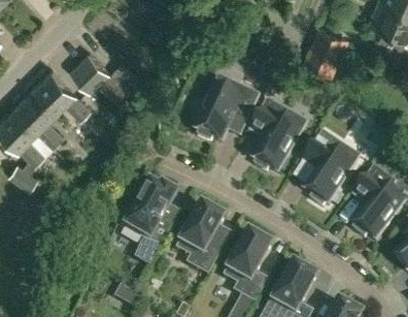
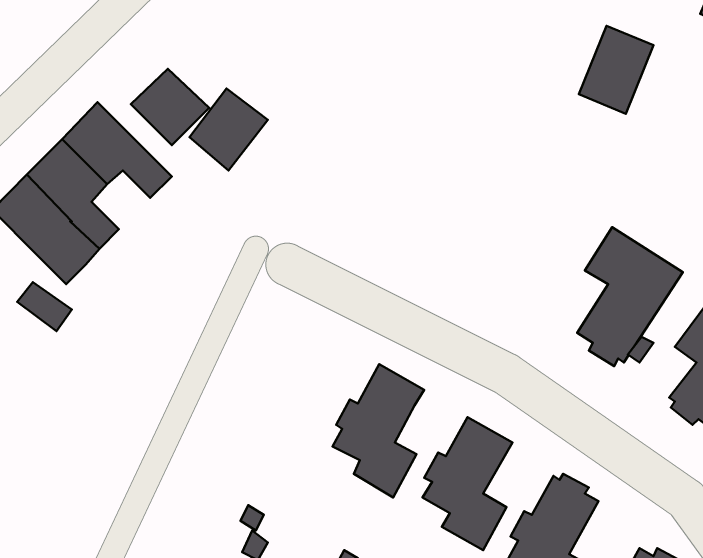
building: [196,74,260,137] -> none
building: [251,97,306,168] -> none
building: [120,178,174,262] -> none

